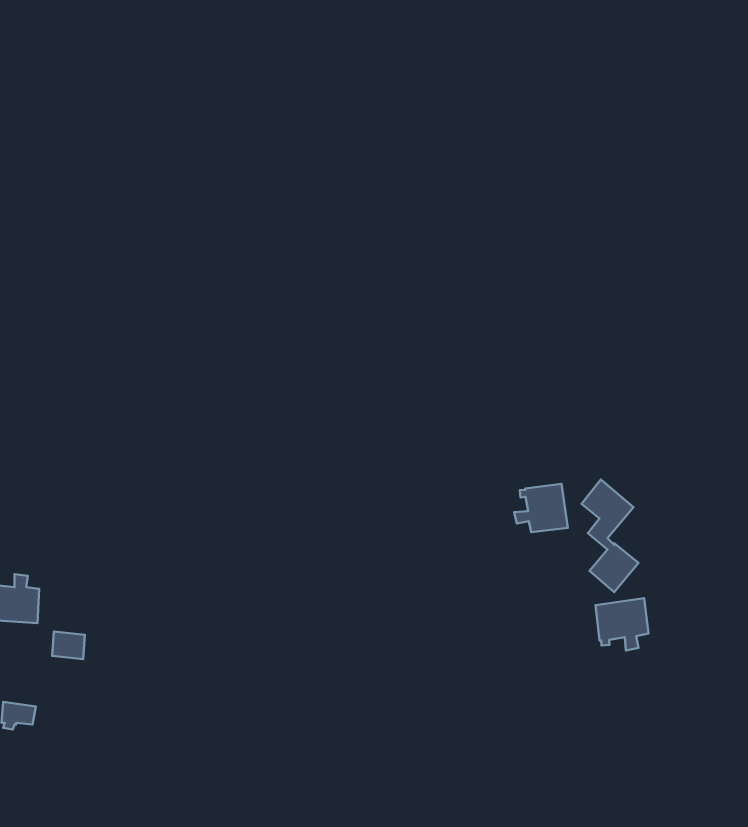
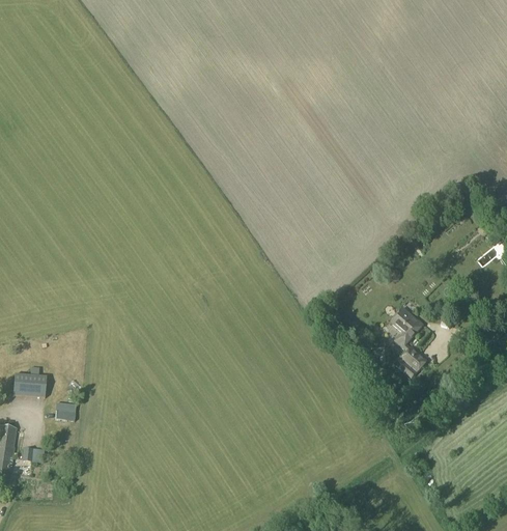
building: [514,484,568,532] -> none
building: [595,598,649,651] -> none

